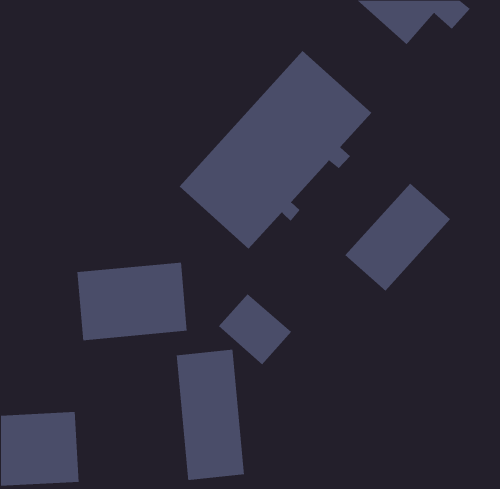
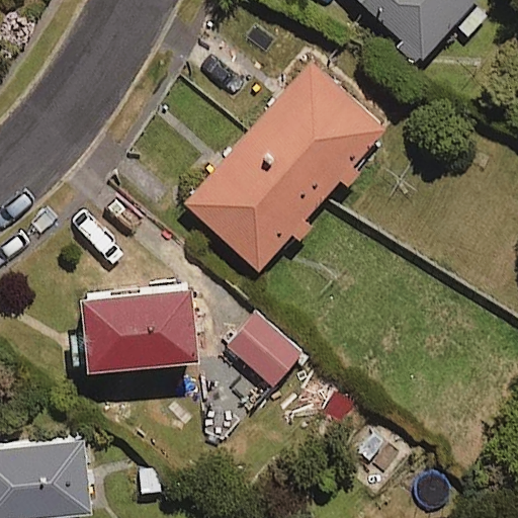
building: [345,183,451,292] -> none
building: [176,349,245,481] -> none

